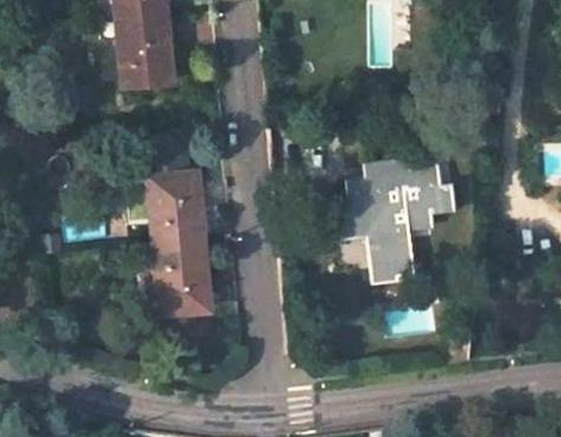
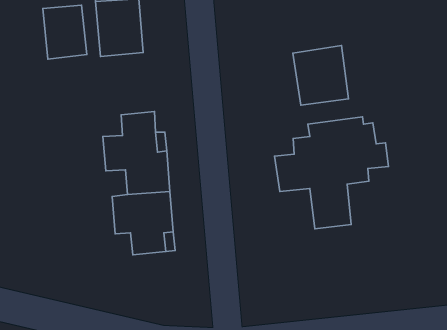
building: none -> [43,5,87,59]
building: none -> [293,46,349,105]

